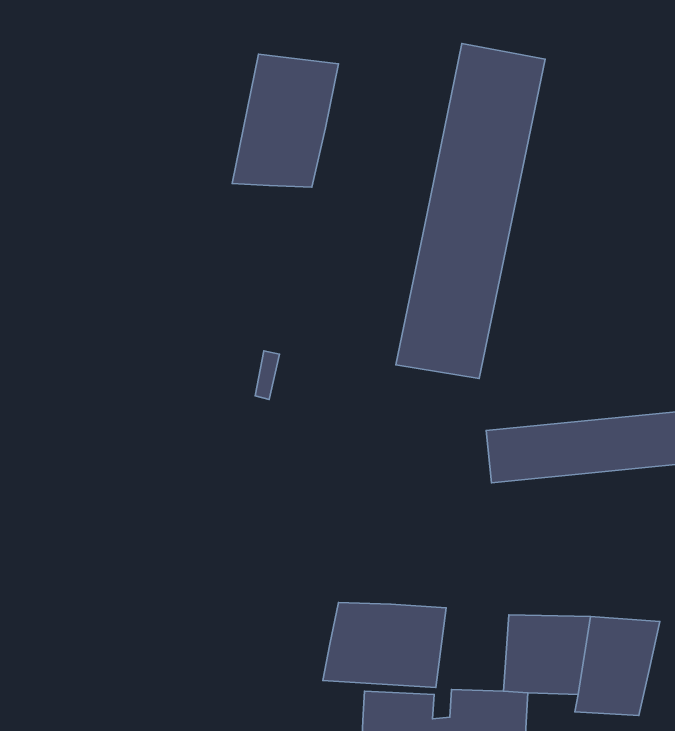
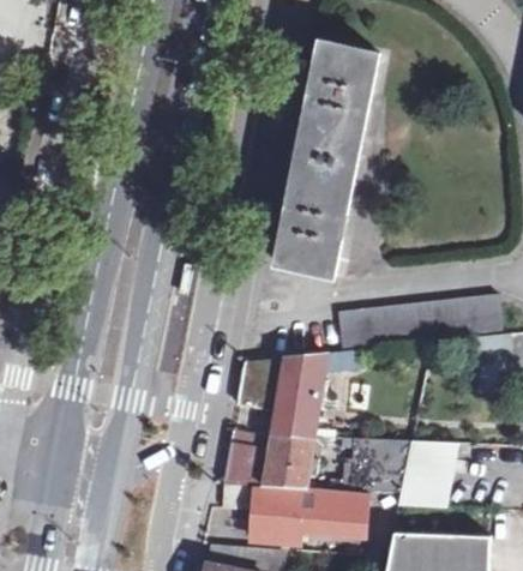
building: [232,54,339,187] -> none
building: none -> [241,354,324,433]

